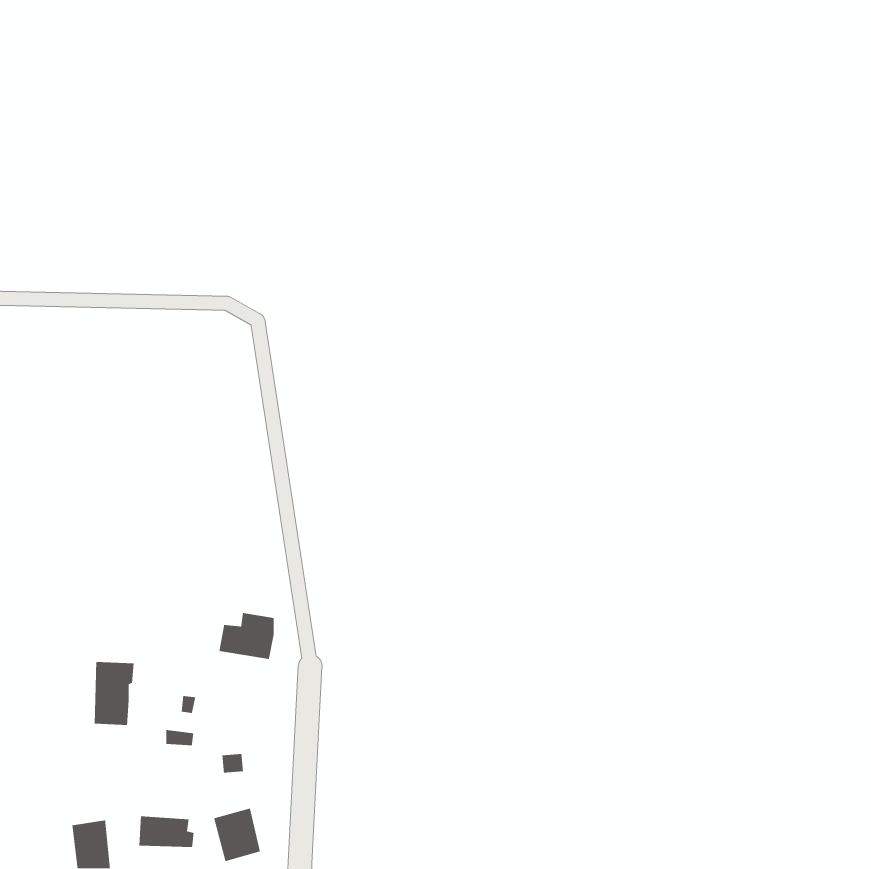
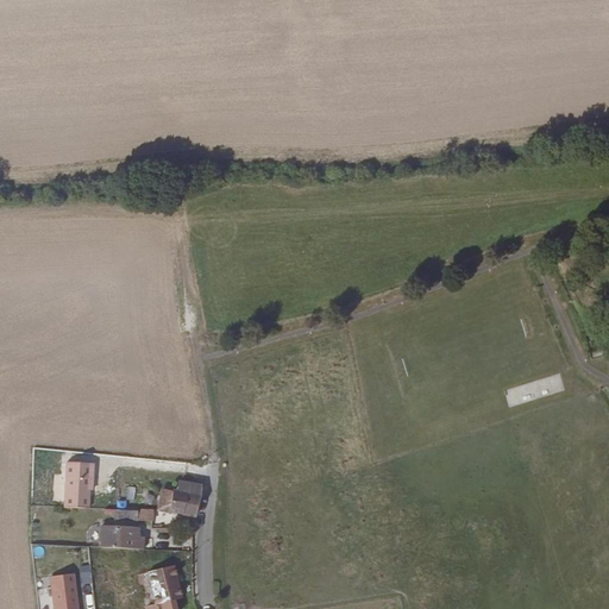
building: [218,612,275,660] -> [163,482,202,515]
building: [138,816,195,848] -> [101,526,140,548]

